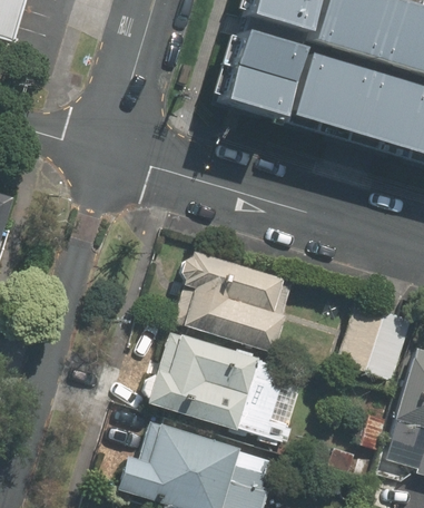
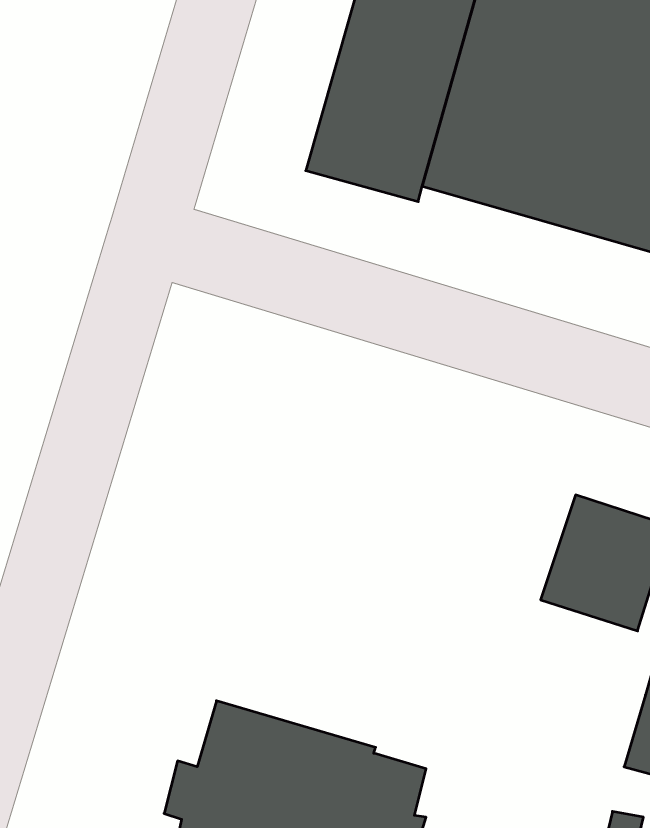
building: [175,250,293,352] -> none
building: [144,330,310,442] -> none

